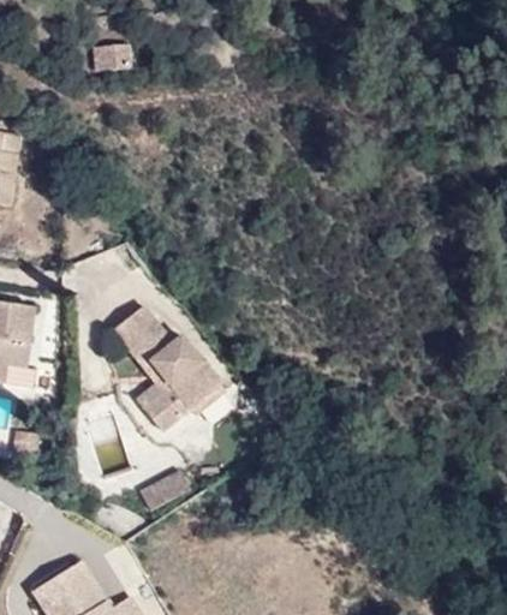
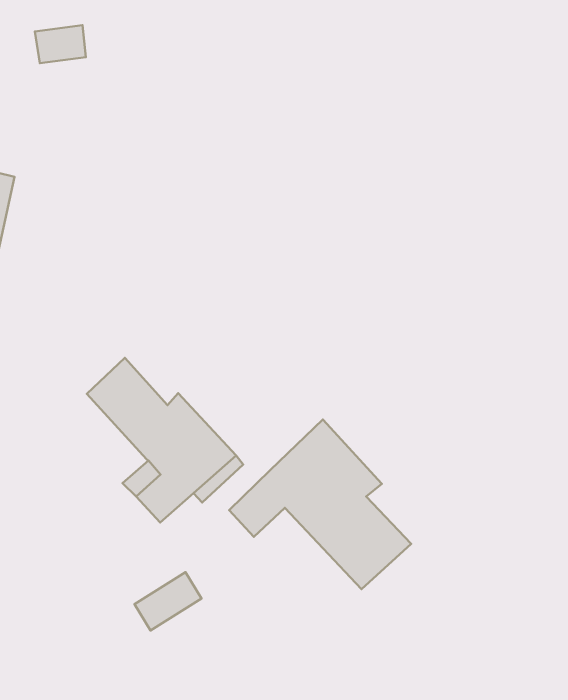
building: none -> [229,420,411,589]

